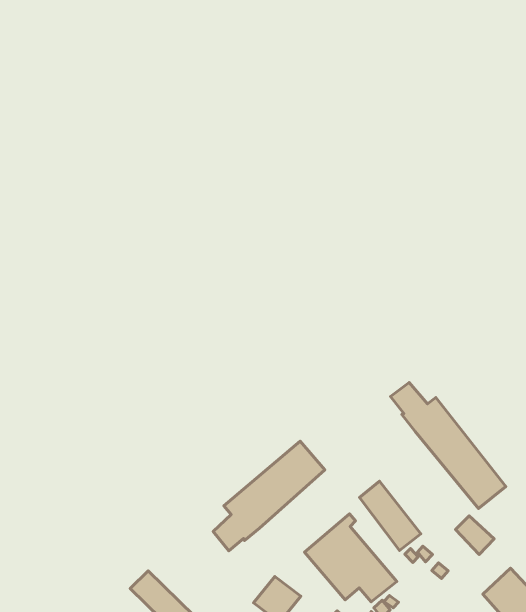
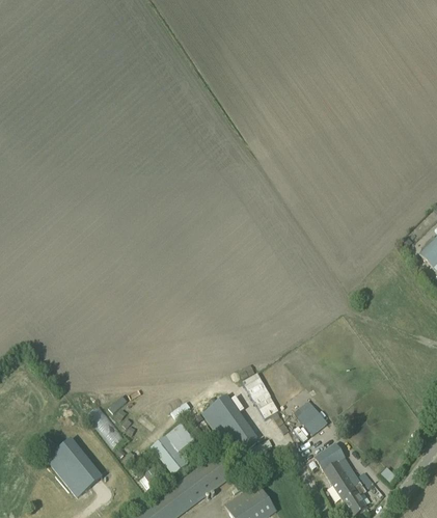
building: [391,383,506,508] -> none
building: [213,441,325,551] -> none

